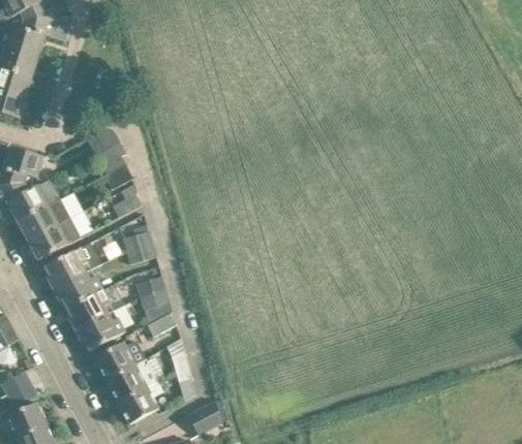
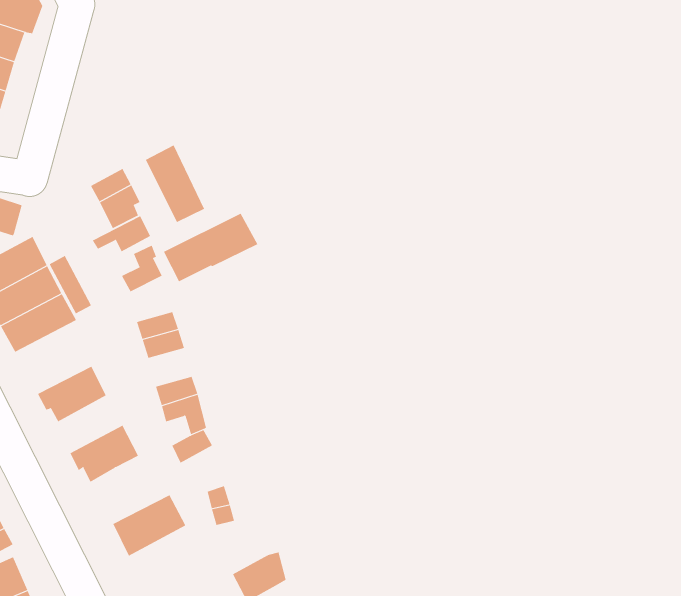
building: none -> [145,145,205,223]
building: none -> [163,213,258,282]
building: [44,247,100,288] -> none
building: [66,289,112,329] -> none
building: [93,340,145,379] -> none
building: [116,380,161,423] -> none

